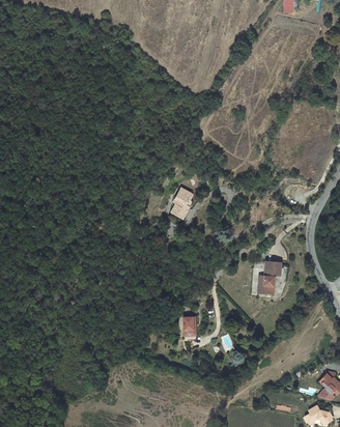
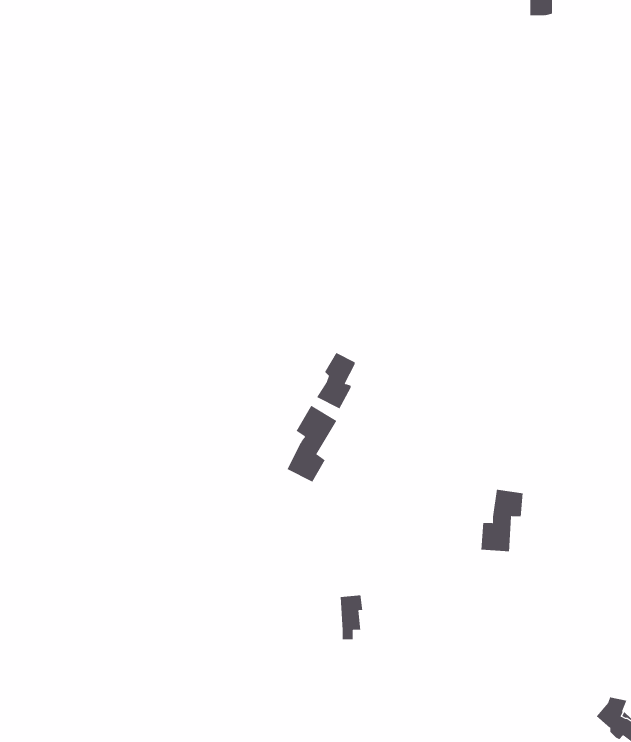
building: none -> [287,405,337,482]

